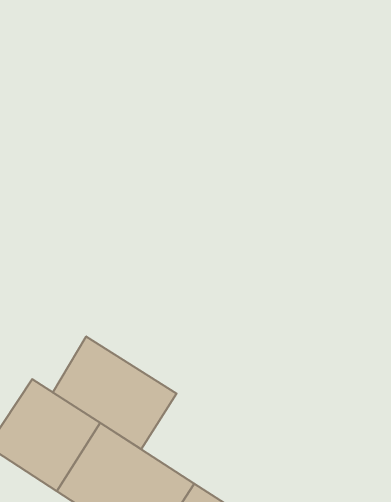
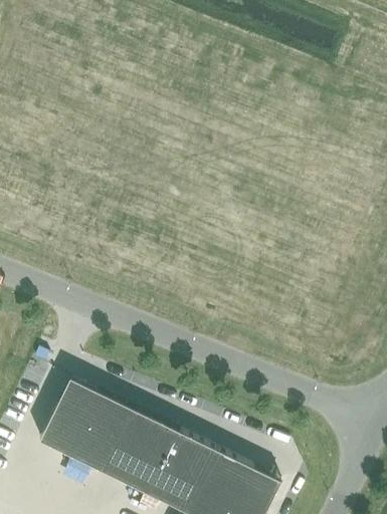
building: [53,336,177,449] -> none

